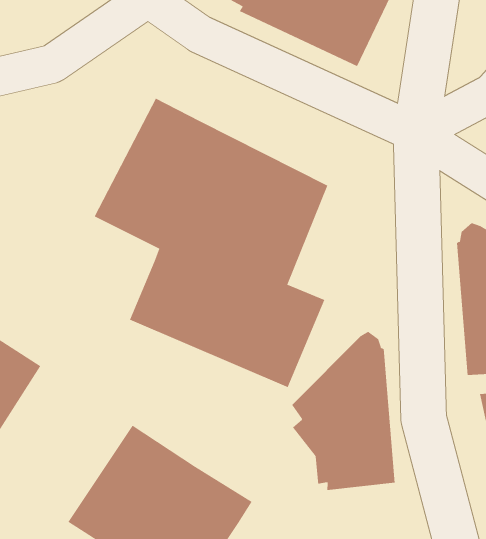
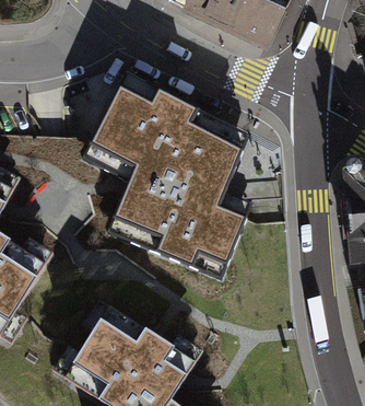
building: [291,331,395,491] -> none

